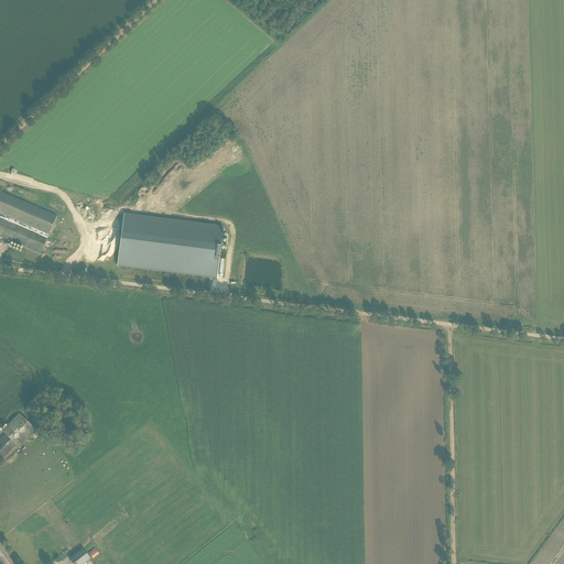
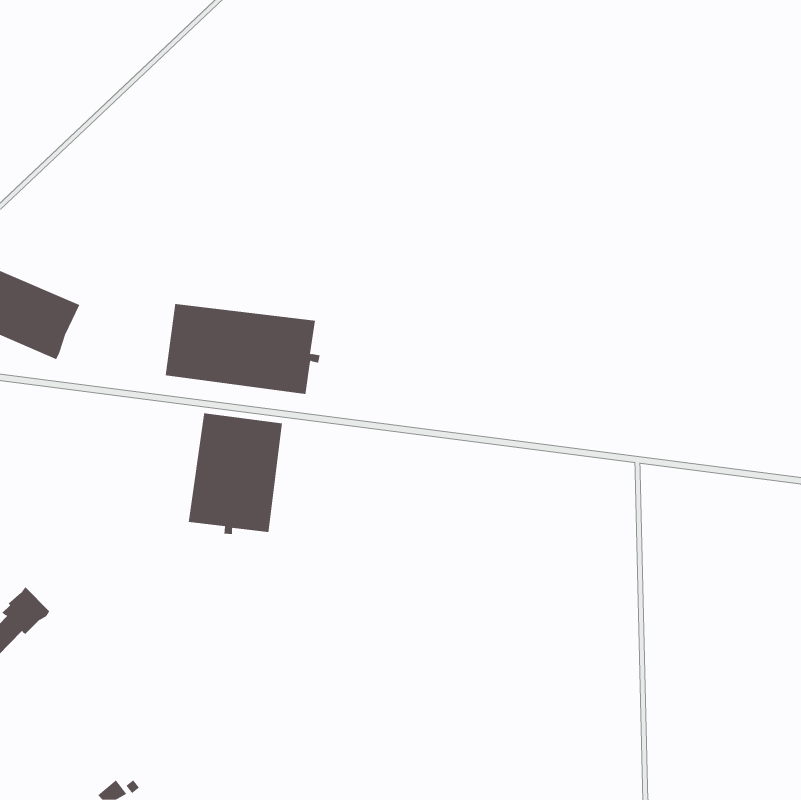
building: none -> [188,413,283,535]

